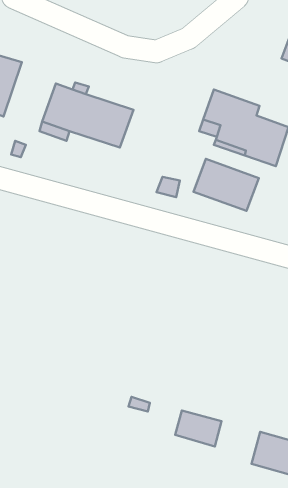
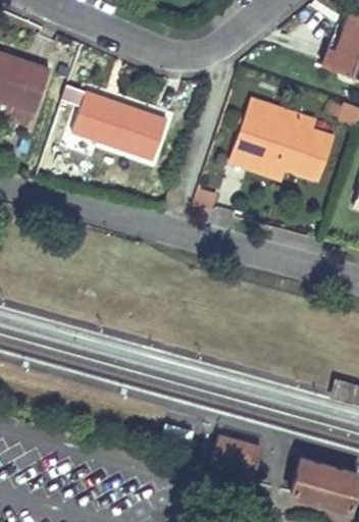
building: [193,159,259,211] -> none

